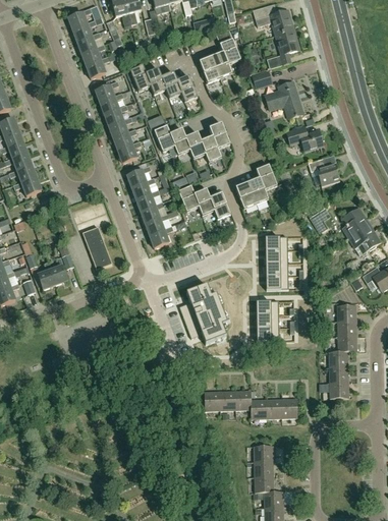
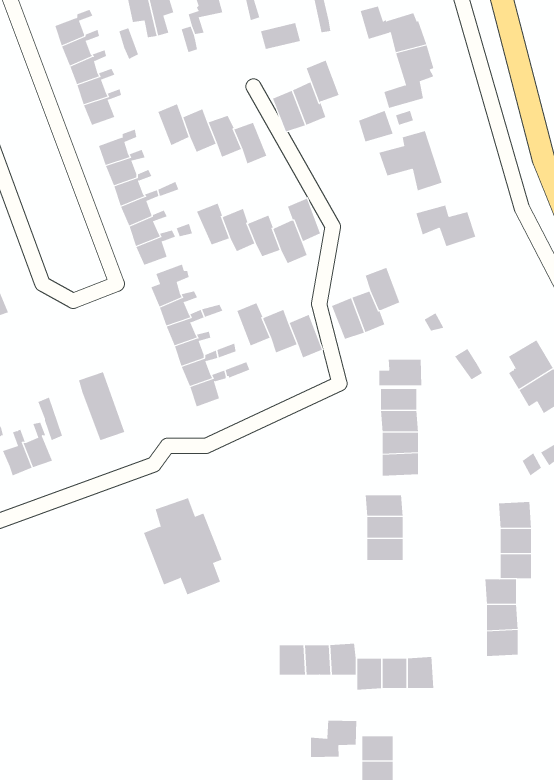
building: [308,157,339,184] -> none
building: none -> [379,359,422,386]
building: [179,284,227,343] -> [143,498,222,595]
building: none -> [311,720,357,758]

